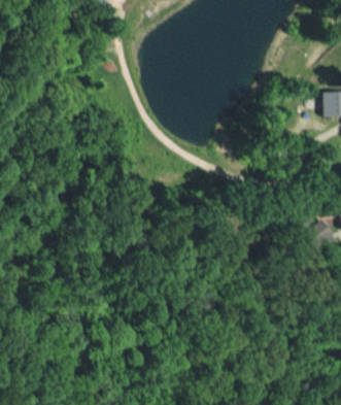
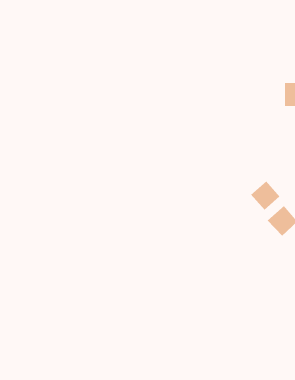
building: none -> [250,180,280,211]

